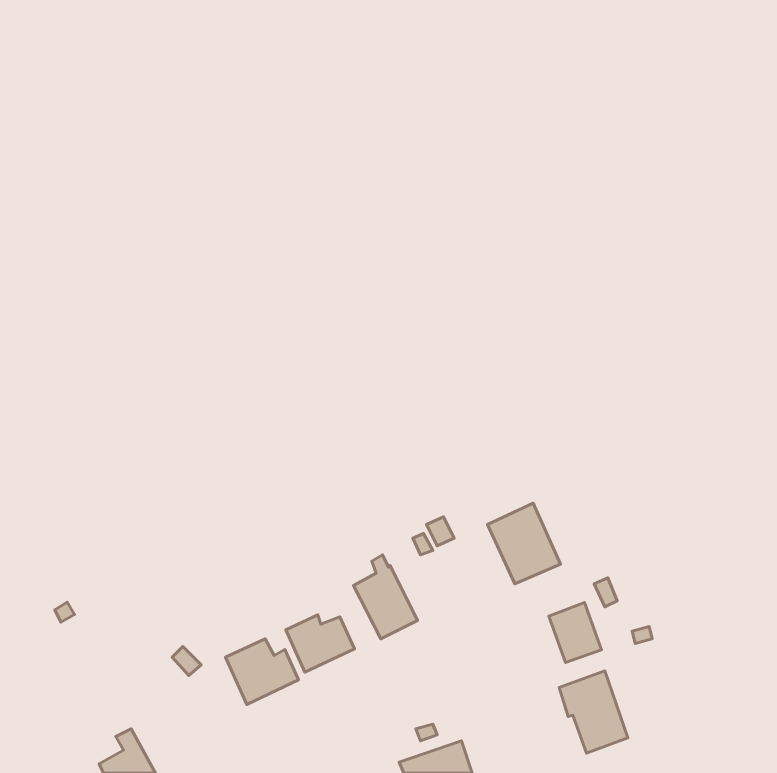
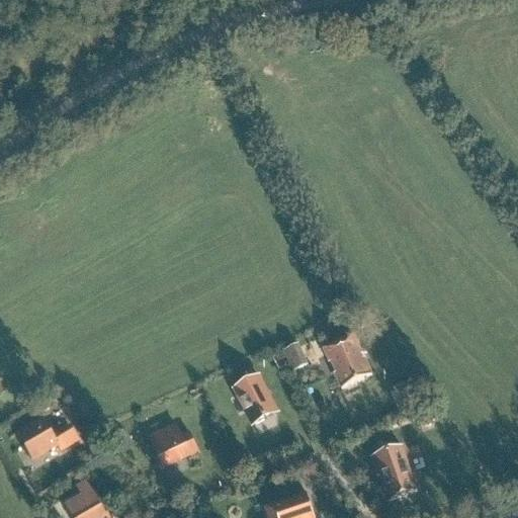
building: [549,603,602,662] -> none
building: [286,615,355,672] -> none
building: none -> [16,418,79,460]

